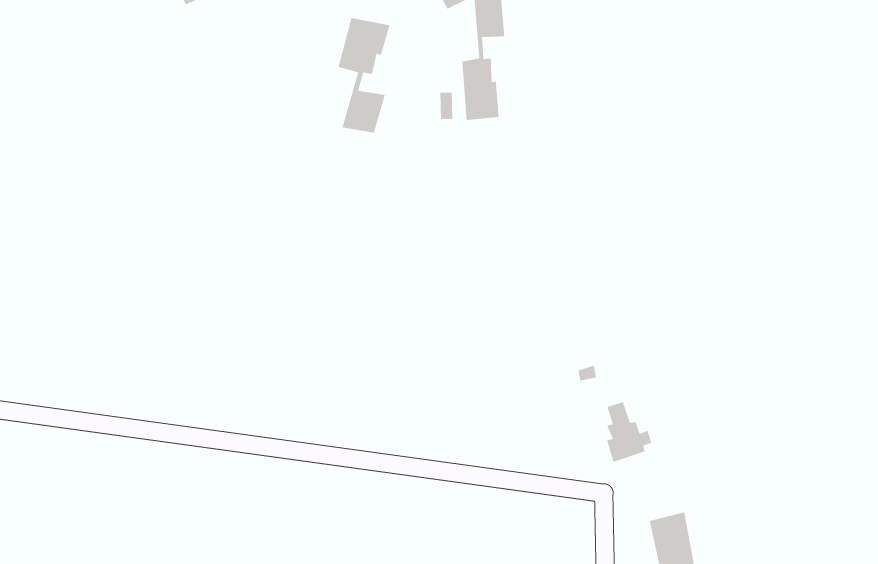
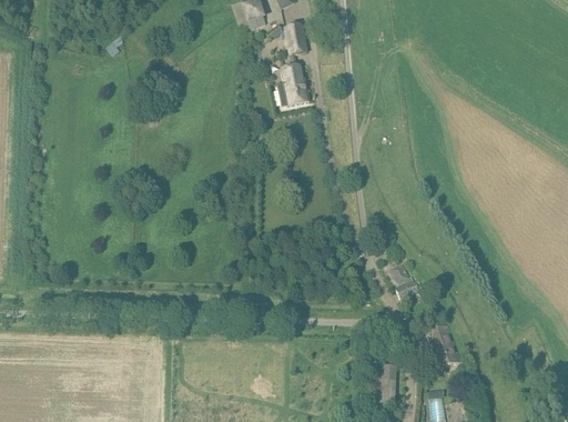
building: [337,17,391,134] -> none

